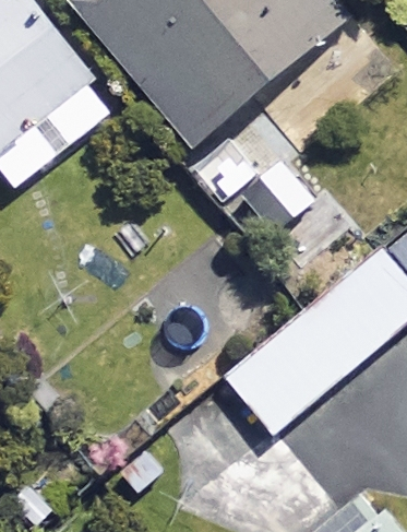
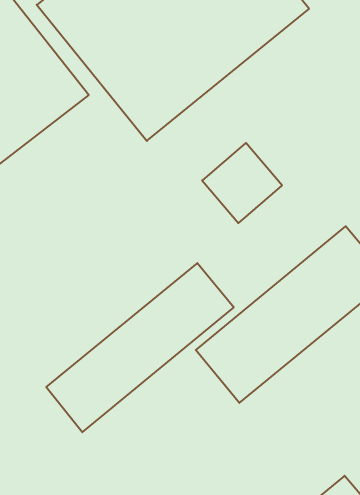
building: none -> [46,263,234,432]

